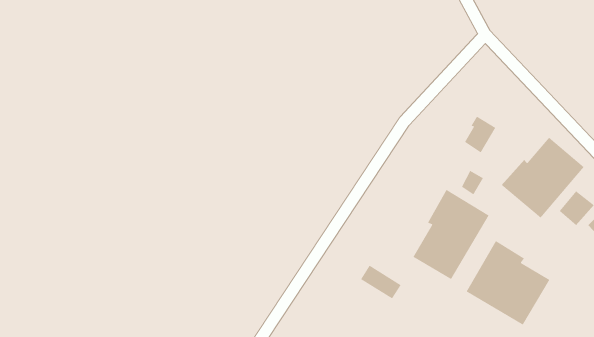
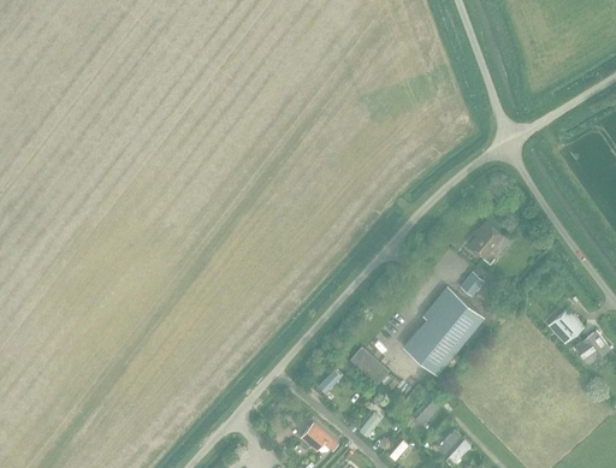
building: [501,137,584,218] -> none
building: [466,240,550,325] -> none

